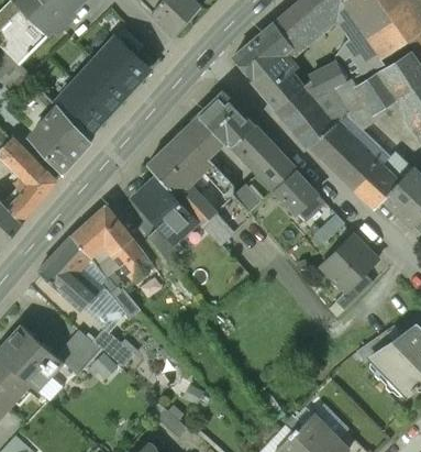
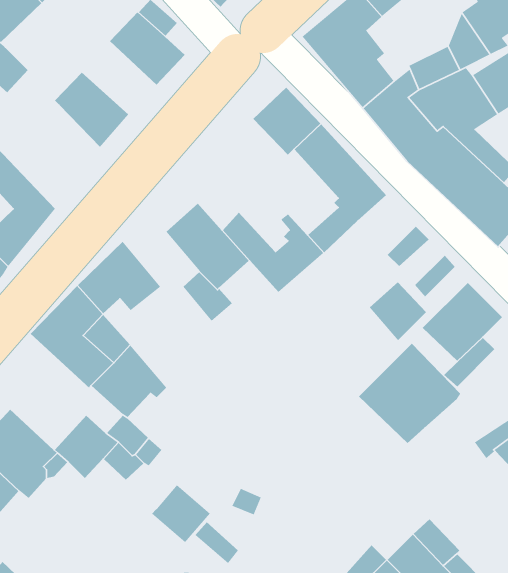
building: [75,60,129,113] -> none
building: [30,107,91,175] -> none
building: [147,117,223,197] -> none
building: [274,172,315,214] -> [369,282,427,341]
building: [110,238,152,280] -> none
building: none -> [358,343,461,444]
building: none -> [151,484,211,543]

